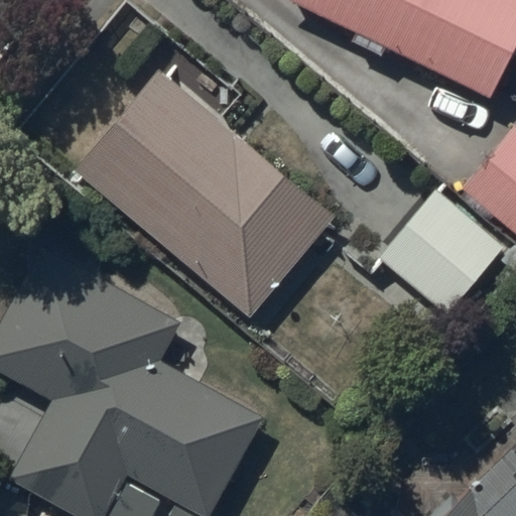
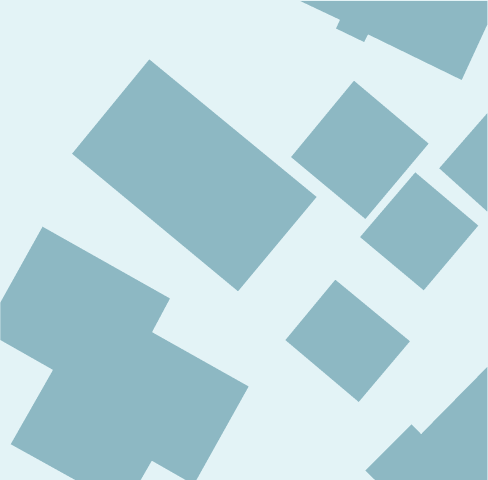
building: none -> [290,80,430,220]
building: none -> [284,278,411,403]

